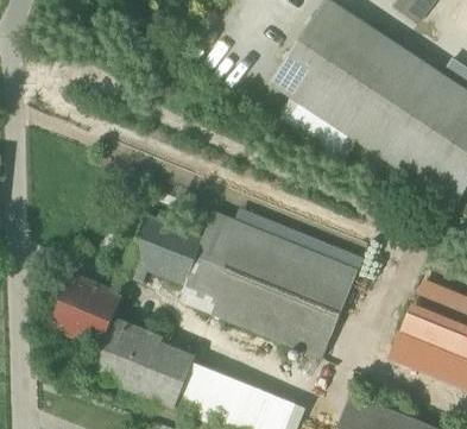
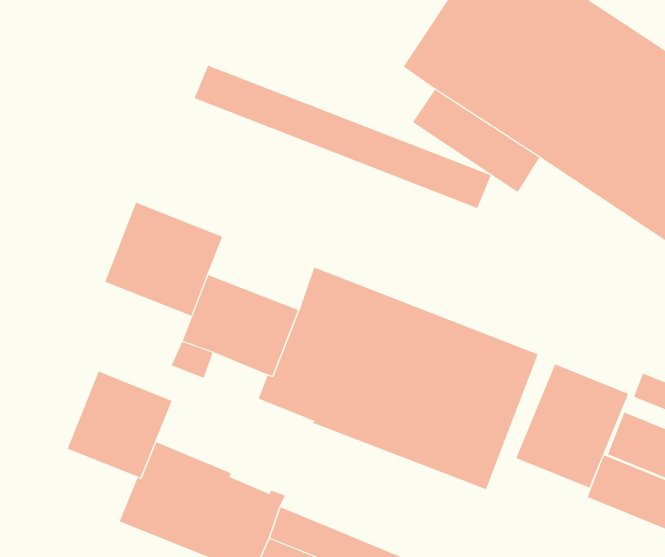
building: none -> [194,65,491,209]
building: none -> [105,202,223,316]
building: none -> [516,363,629,489]

